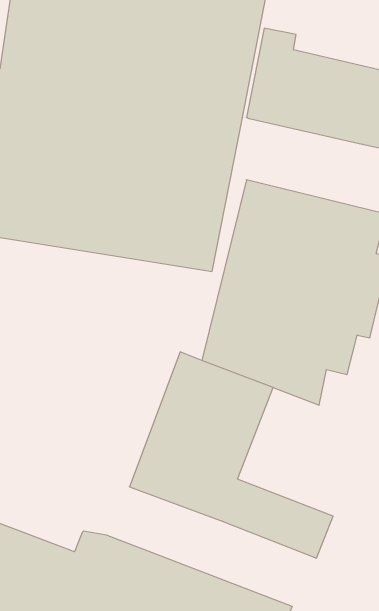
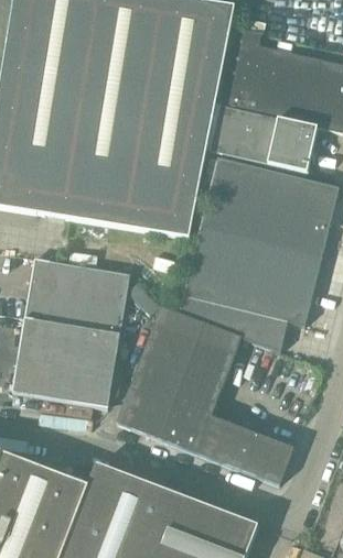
building: none -> [210,105,318,172]
building: none -> [11,258,130,408]

